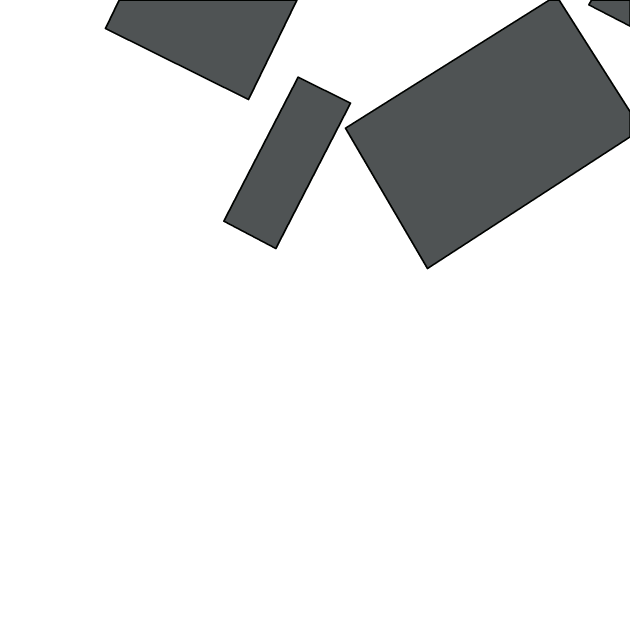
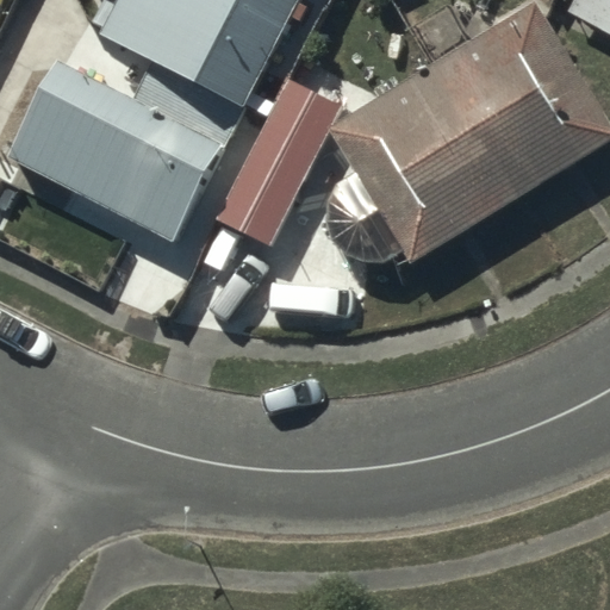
building: none -> [6,61,223,243]

